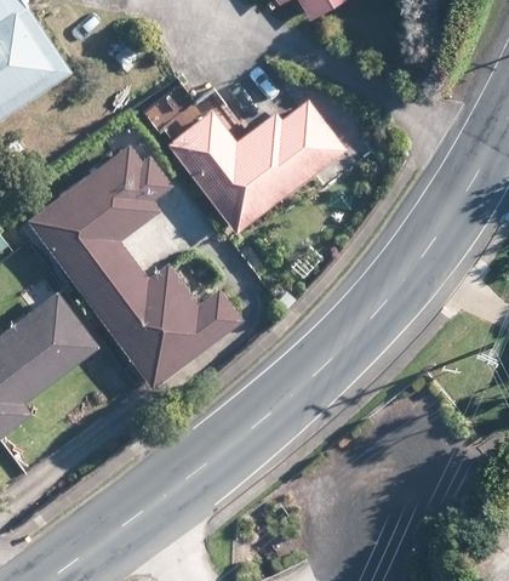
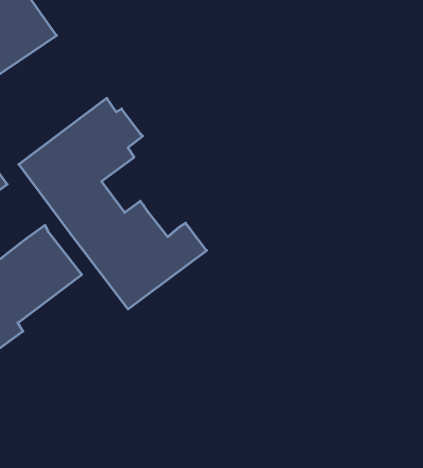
building: [166,98,347,235] -> none

